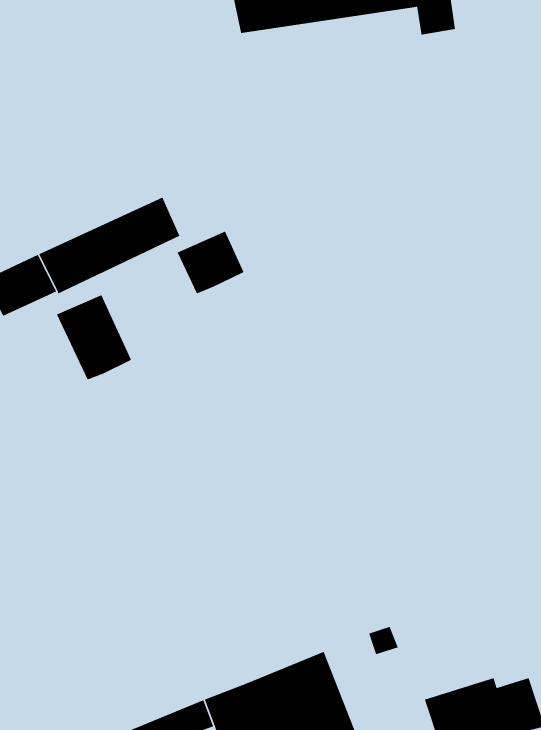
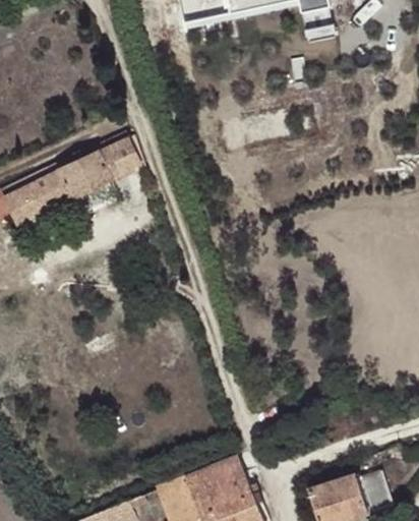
building: [176,230,244,294] -> none
building: [56,294,132,380] -> none

